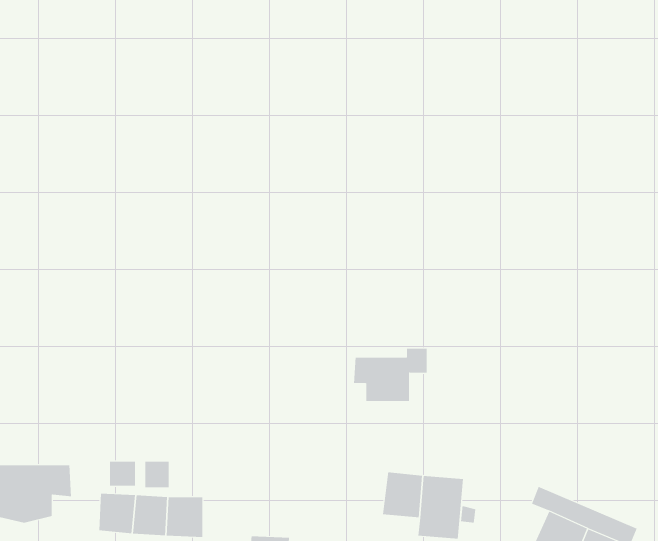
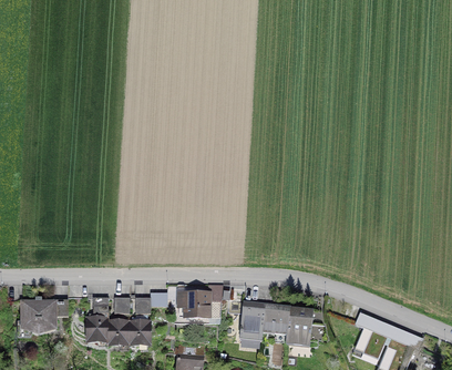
building: [353,348,428,401] -> [174,285,220,318]
building: none -> [132,292,167,314]
building: none -> [227,300,265,340]

